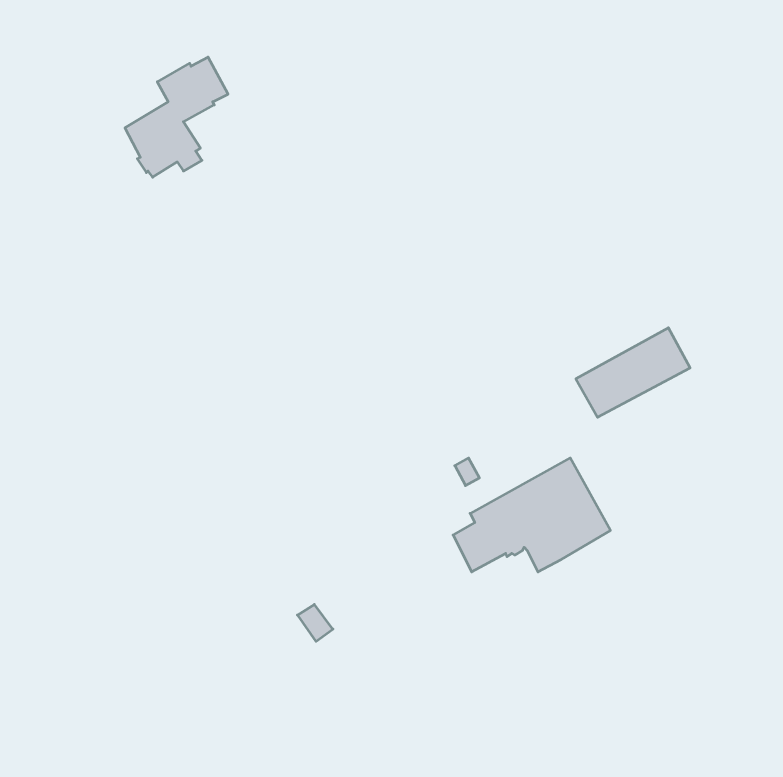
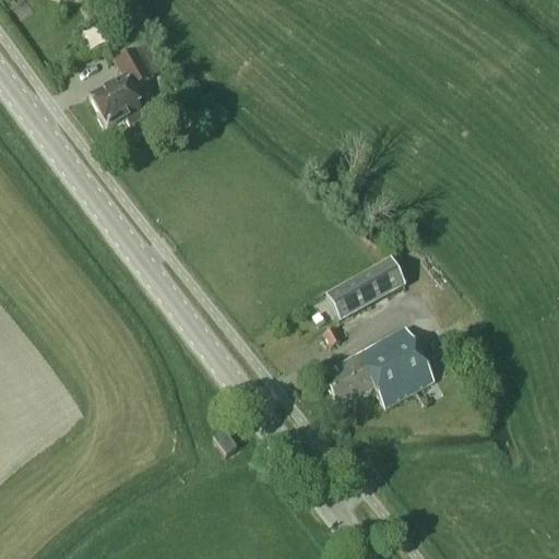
building: [576,328,690,417] -> [326,255,407,319]

